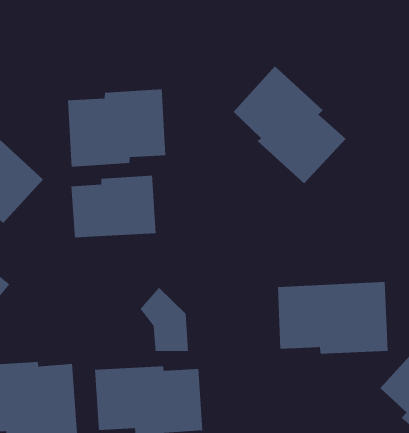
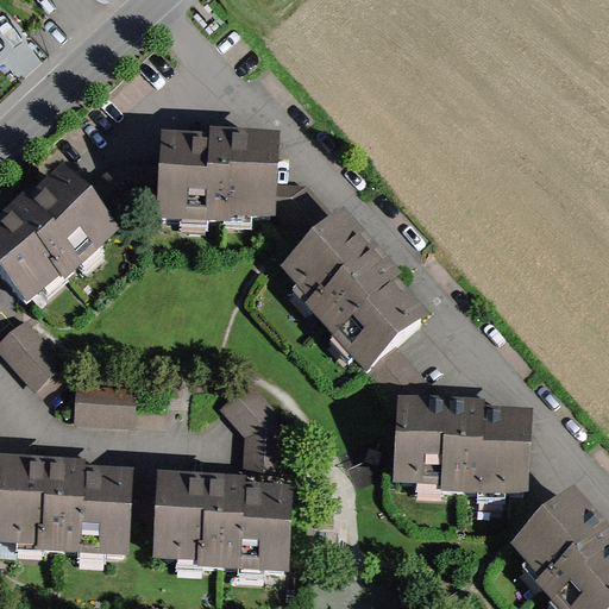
building: [233,65,346,184] -> [283,212,422,365]
building: [71,175,156,238] -> none
building: none -> [71,379,131,425]

